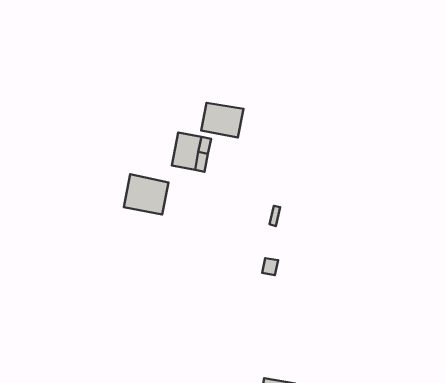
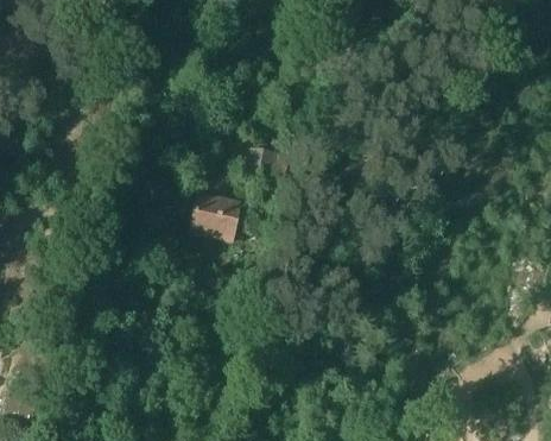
building: [201,103,243,138] -> none

